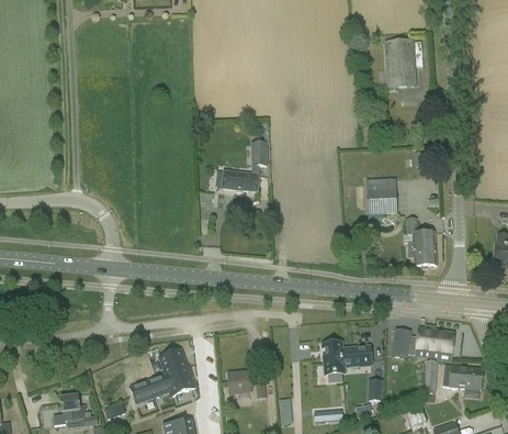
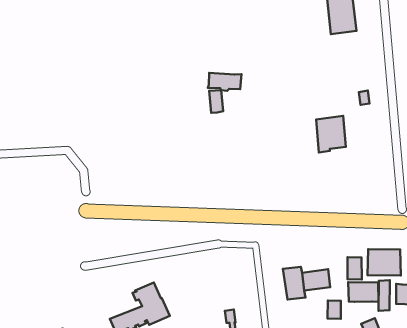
building: [222,170,259,191] -> [208,73,241,91]
building: [406,216,437,265] -> none
building: none -> [348,282,379,302]
building: [227,370,251,393] -> none

